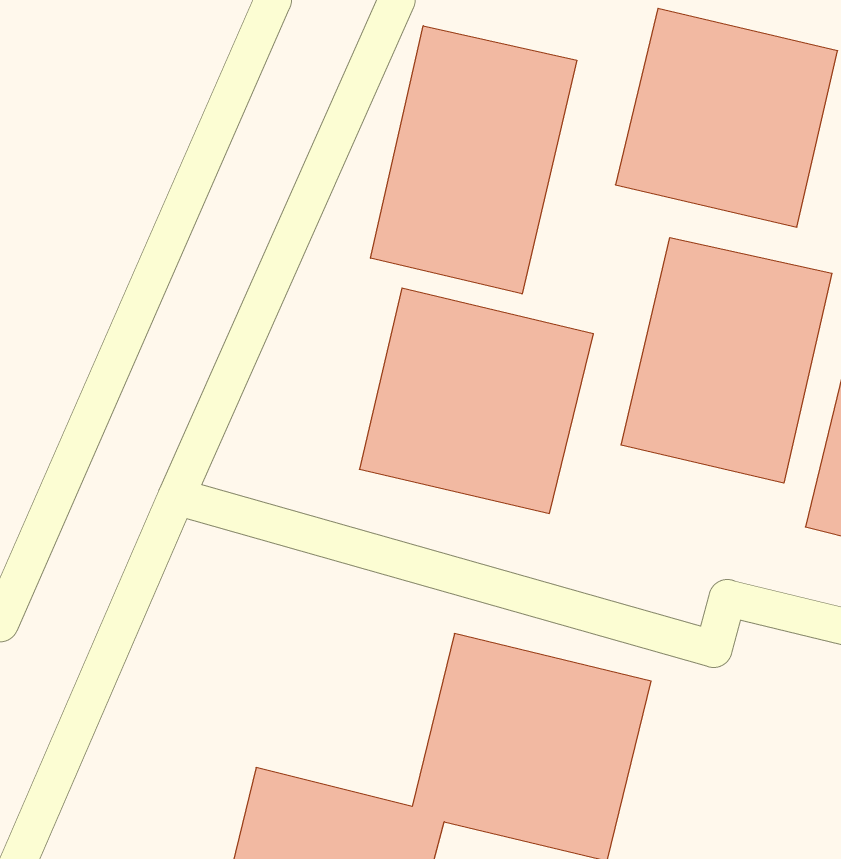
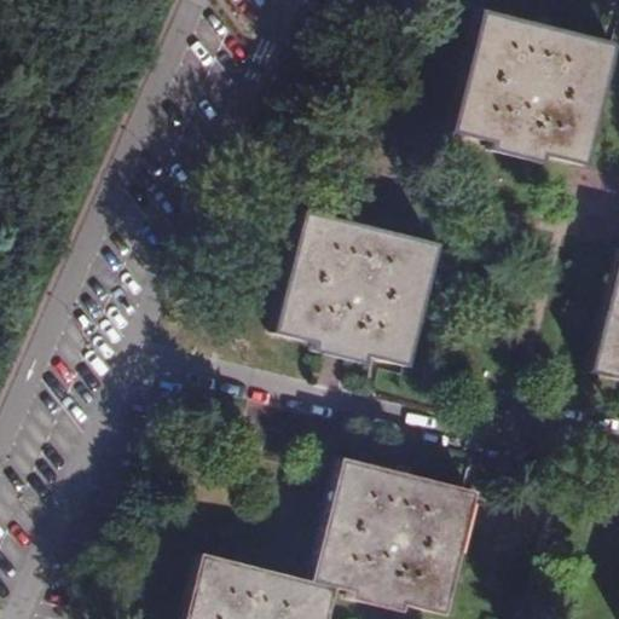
building: [371,26,577,294] -> none
building: [621,238,832,483] -> none

